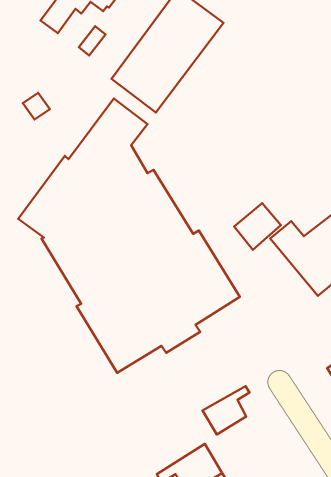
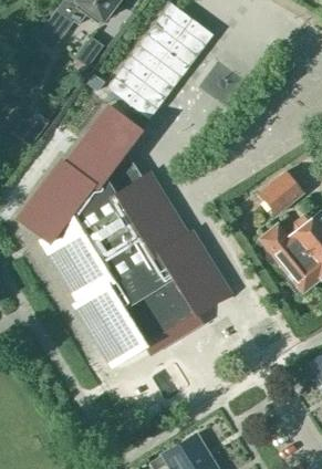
building: [234,203,281,250] -> [259,171,303,216]
building: [202,386,250,434] -> none

